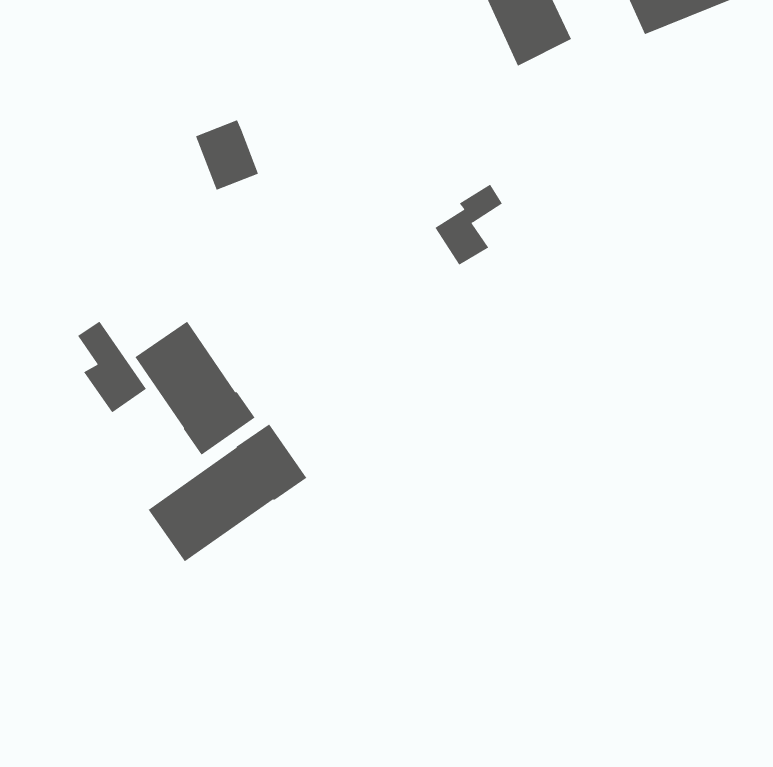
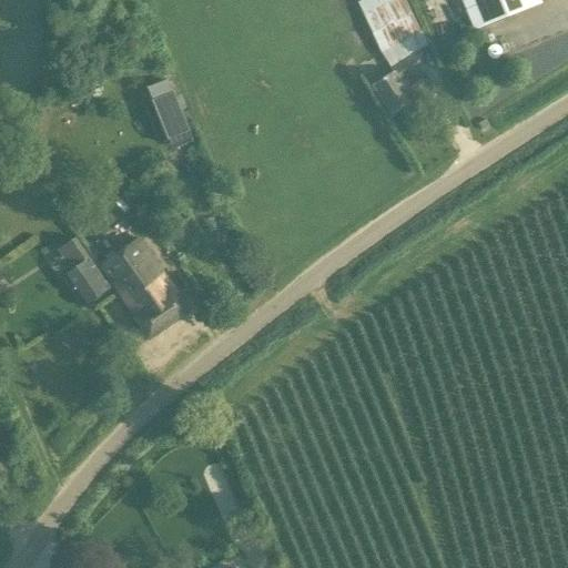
building: [435,184,503,266] -> [372,50,422,110]
building: [148,423,307,562] -> none

